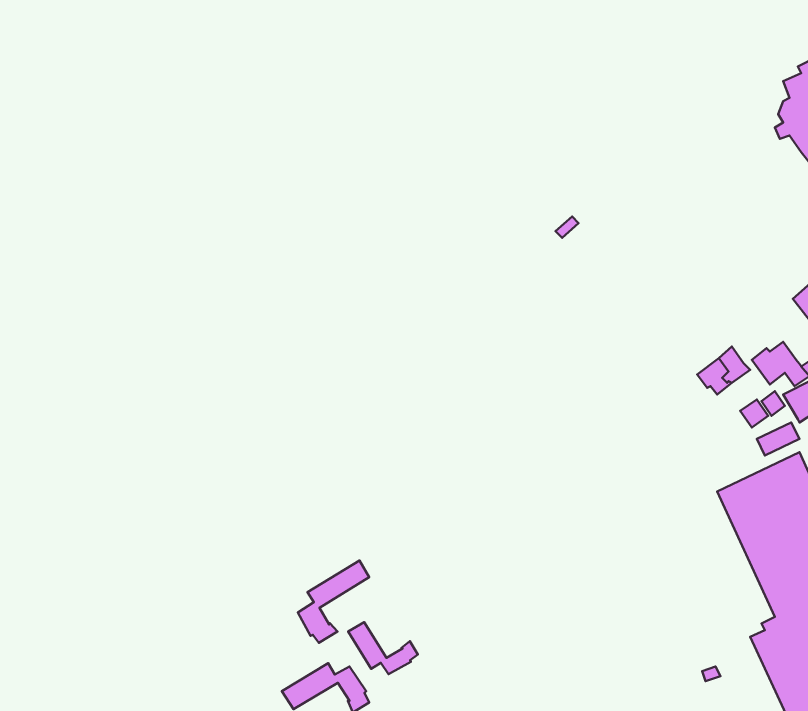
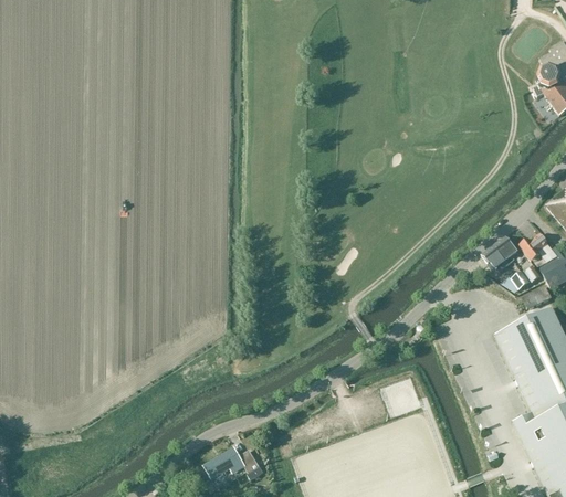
building: [298,560,369,643] -> none
building: [348,622,418,674] -> none

